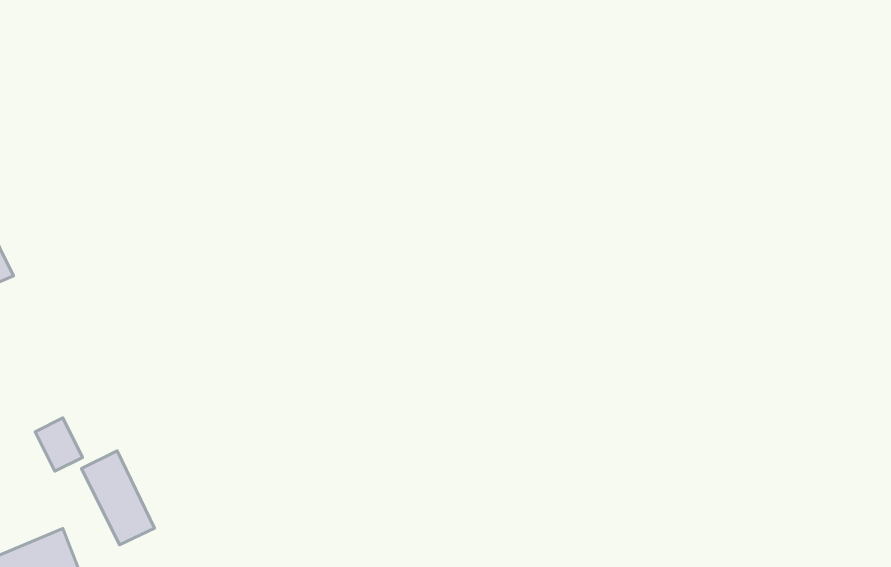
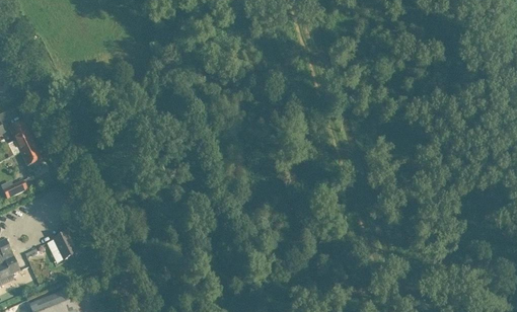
building: [81,451,154,545] -> none

